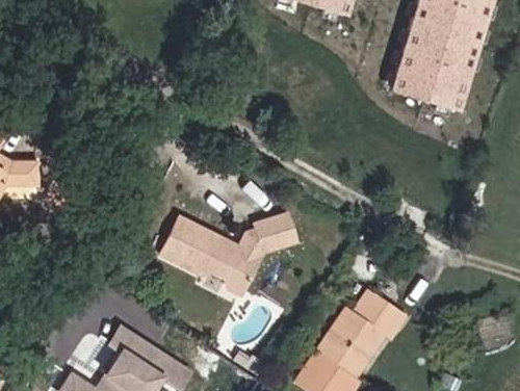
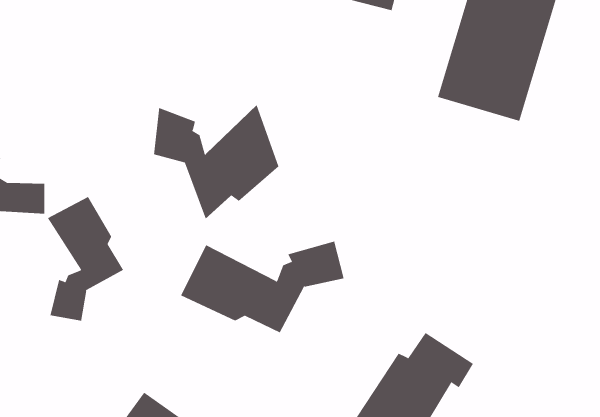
building: none -> [153,104,279,220]
building: none -> [47,196,124,321]

